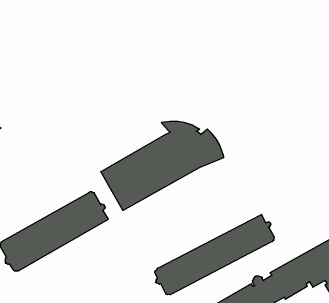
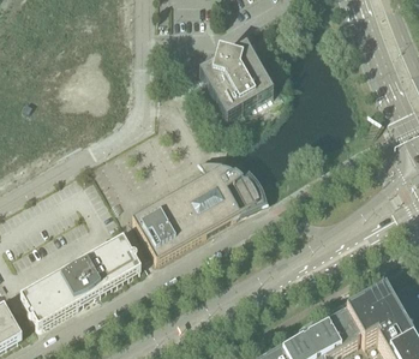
building: none -> [200,42,274,116]
building: [155,214,274,295] -> none

